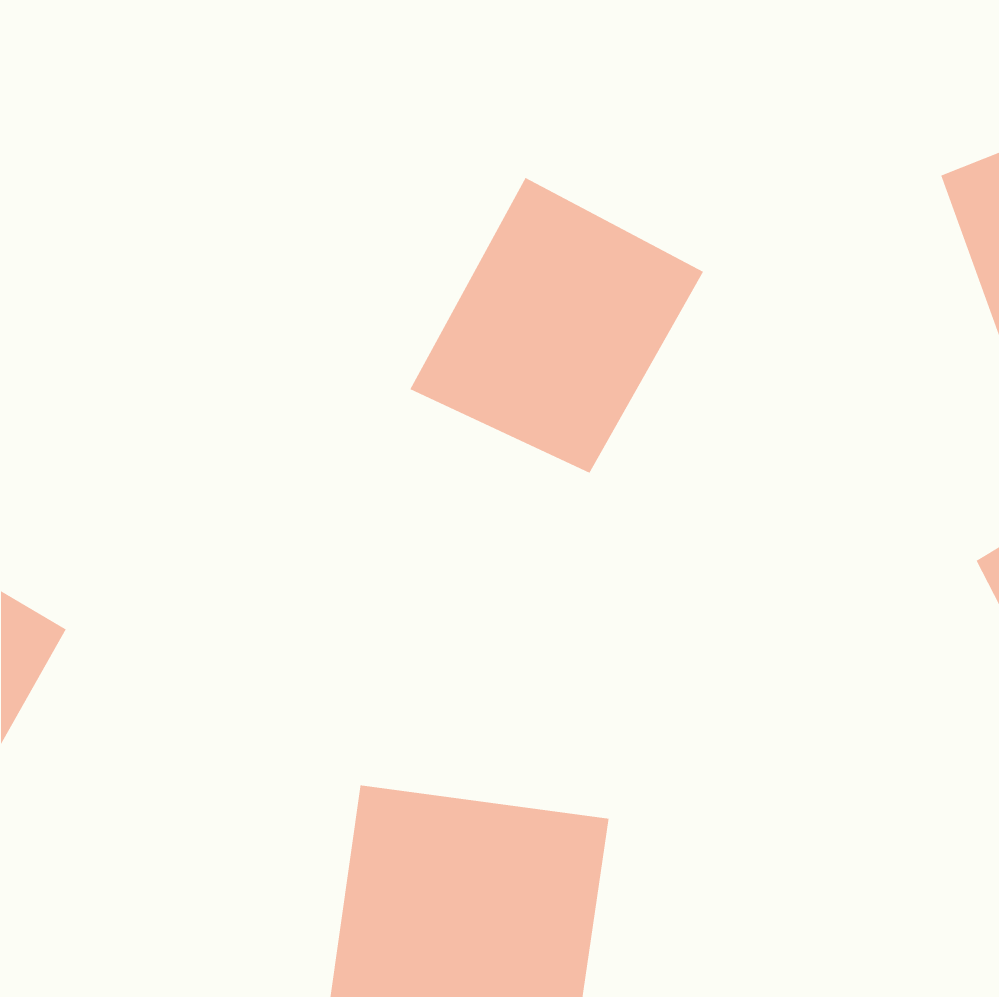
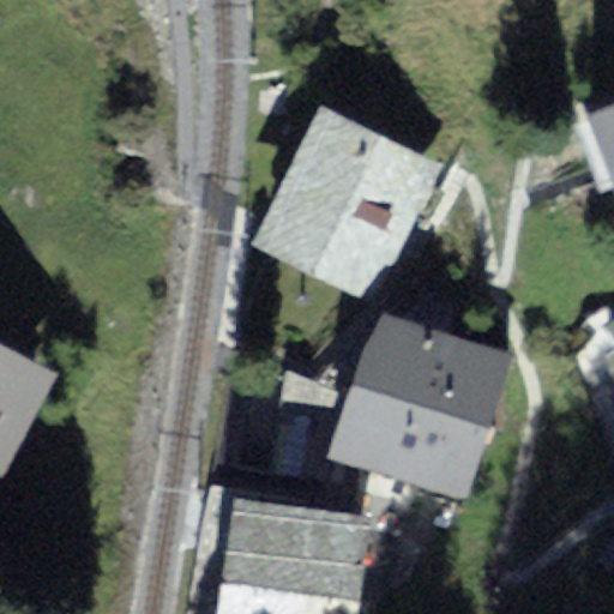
building: none -> [331,315,516,501]

